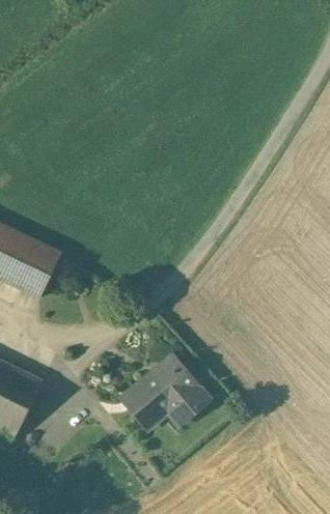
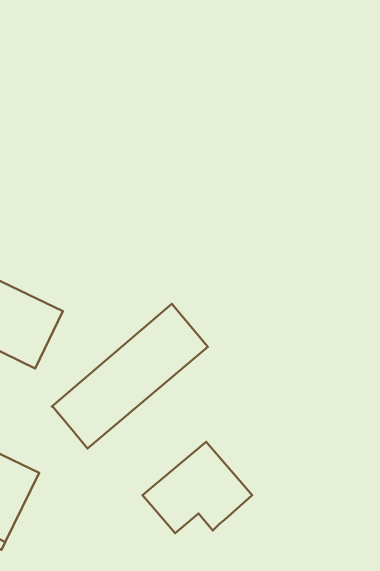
building: none -> [52,304,208,448]

